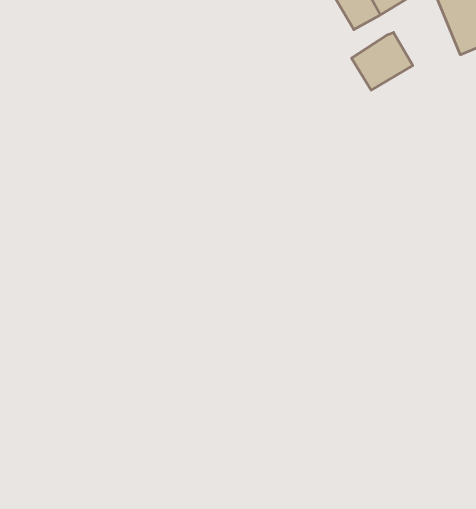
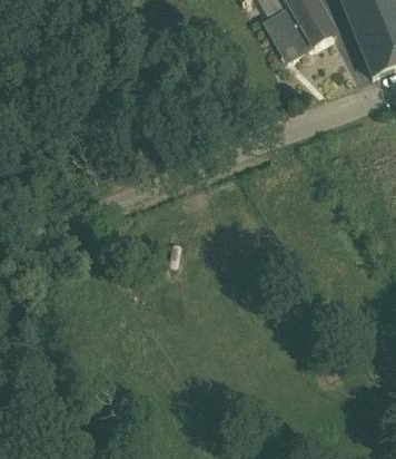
building: [352,32,413,90] -> none

